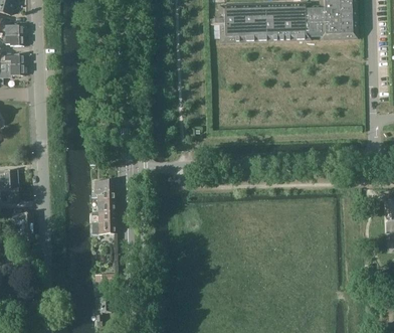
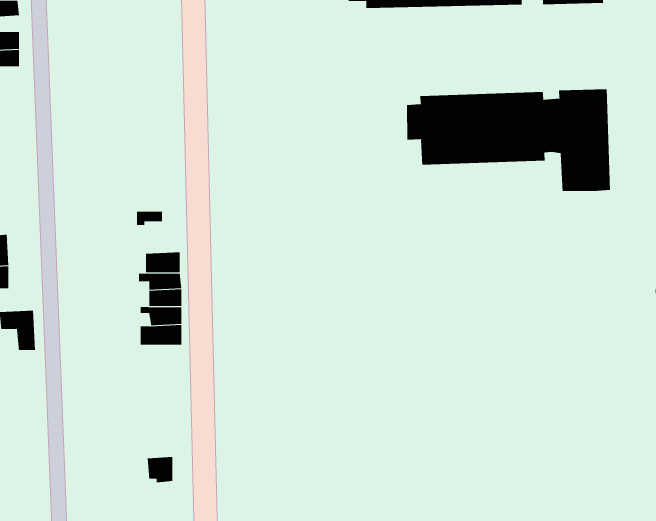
building: none -> [406,89,611,192]

